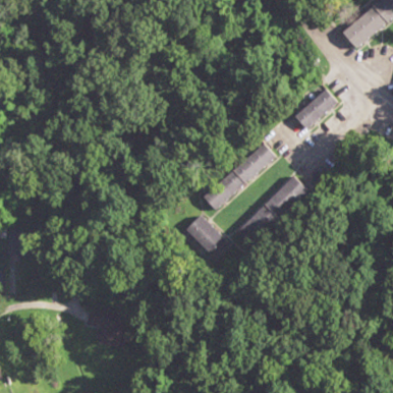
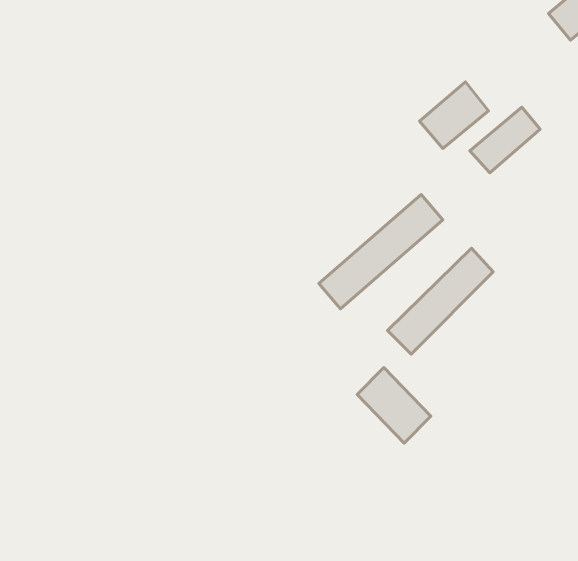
building: none -> [420,82,489,148]
building: [183,213,228,259] -> [357,368,431,443]

